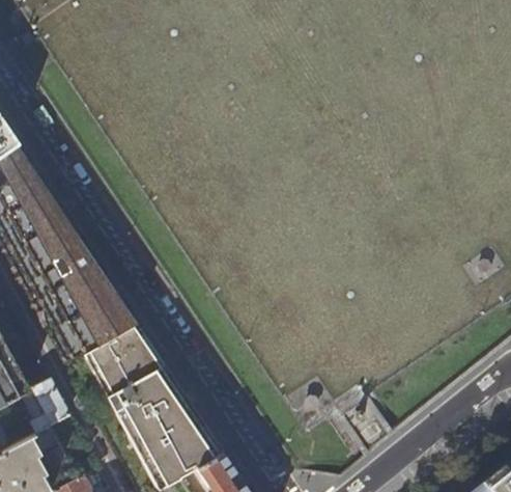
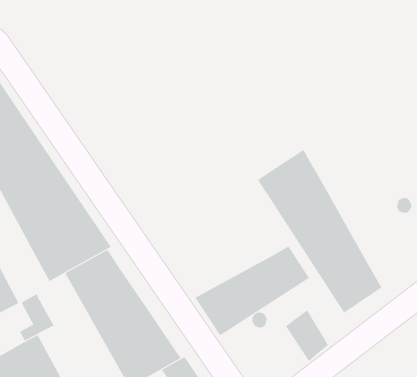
building: none -> [257,149,382,313]
building: none -> [195,246,310,336]

